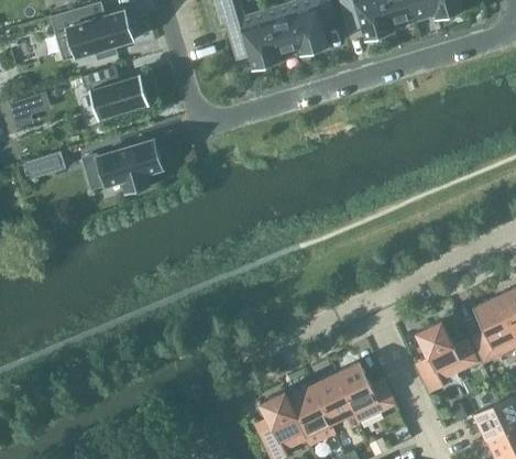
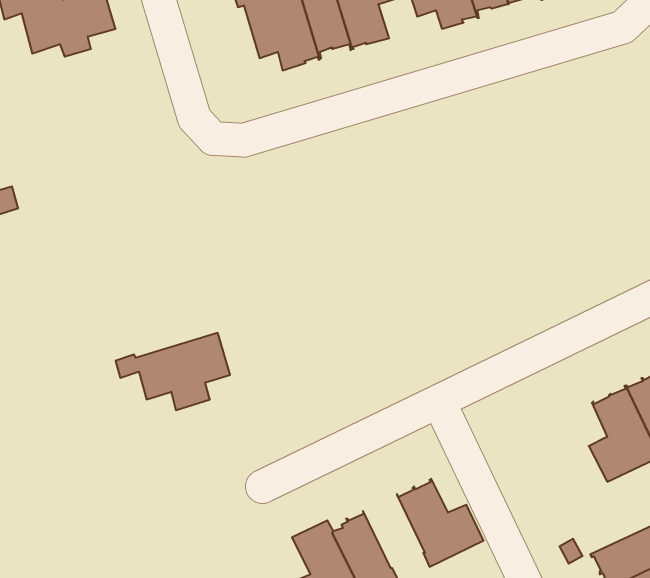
building: [81,66,149,119] -> none
building: [83,139,164,194] -> [116,333,230,410]
building: [416,319,477,392] -> none
building: [310,372,354,424] -> none

